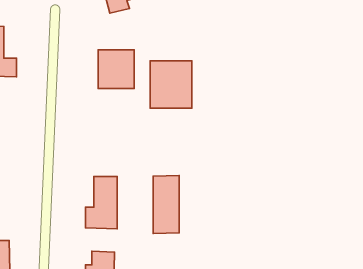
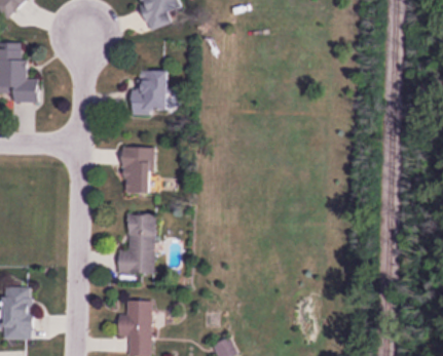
building: [150,61,192,108] -> none
building: none -> [121,147,152,193]
building: [153,175,179,233] -> none

